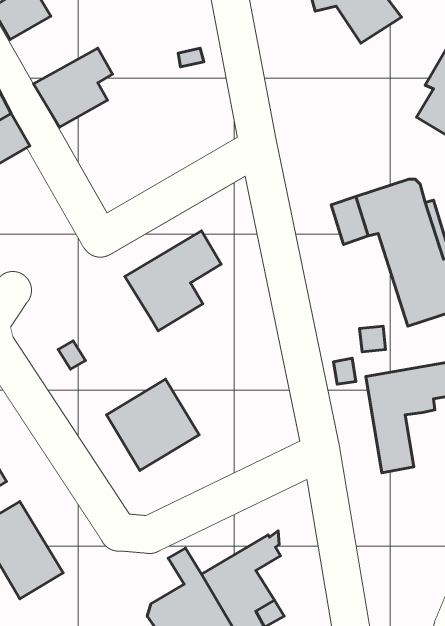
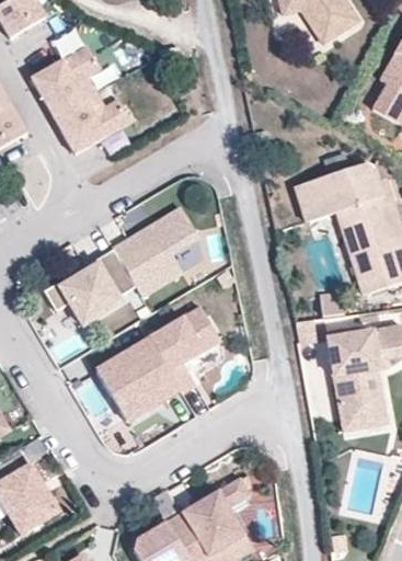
building: none -> [54,91,131,153]
building: none -> [44,248,135,324]
building: none -> [147,305,220,393]
building: none -> [340,368,386,430]

